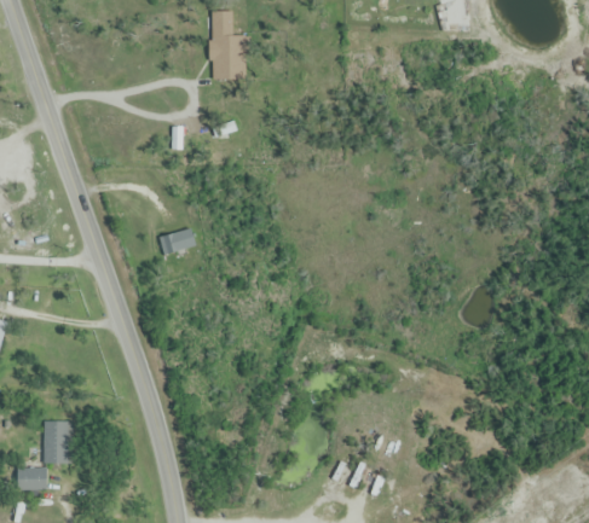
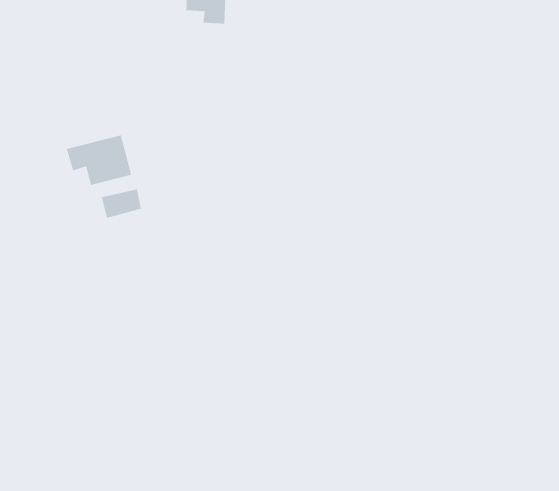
building: none -> [66,135,132,186]

